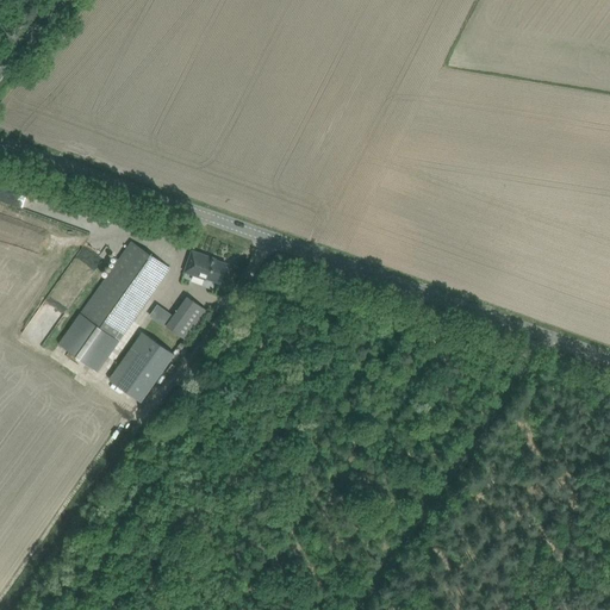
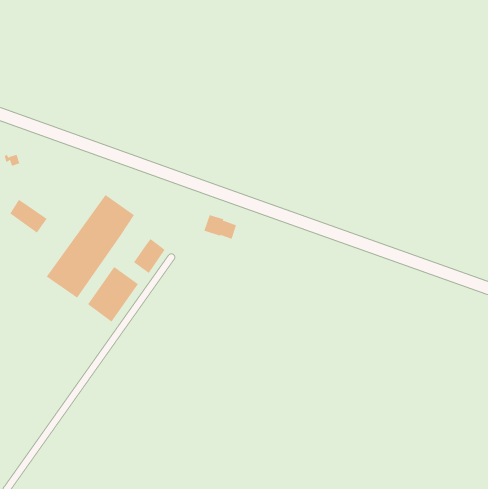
building: none -> [9,199,48,234]
building: [183,251,225,282] -> [203,214,237,239]

